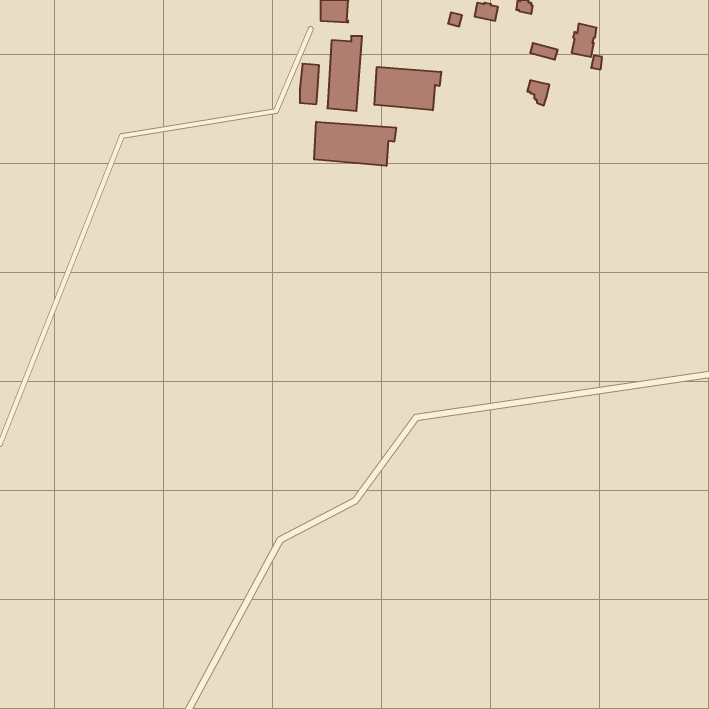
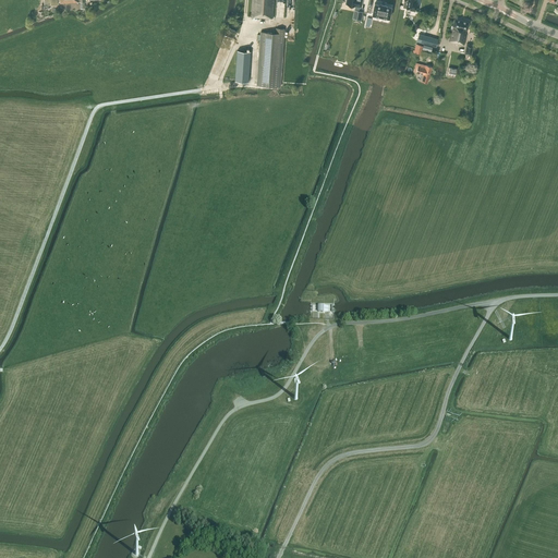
building: [375,67,441,110] -> none
building: [314,122,396,166] -> none

